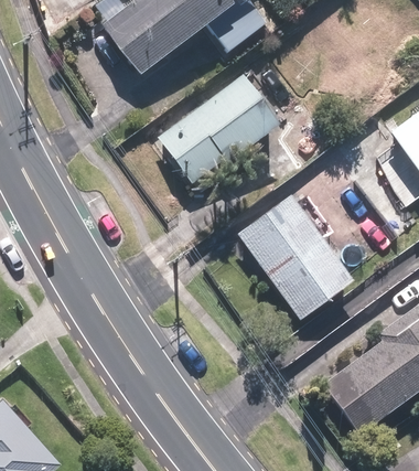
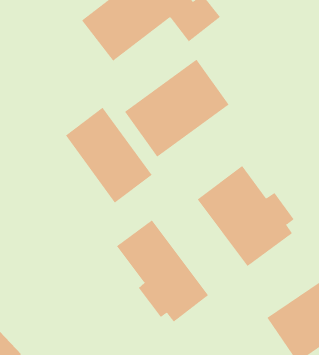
building: none -> [65,107,152,203]
building: none -> [116,220,209,322]

